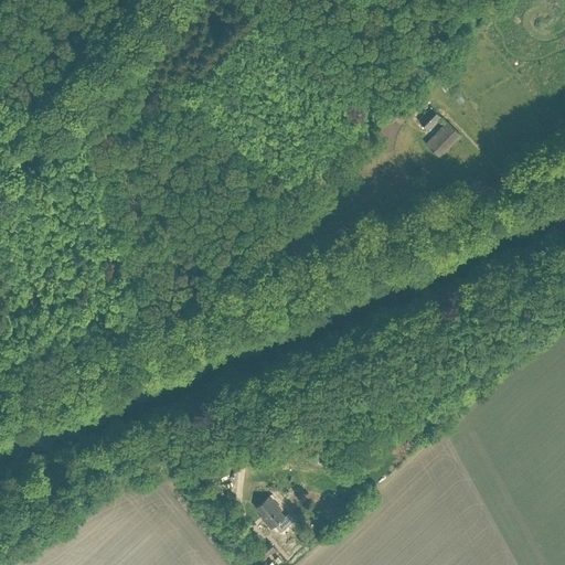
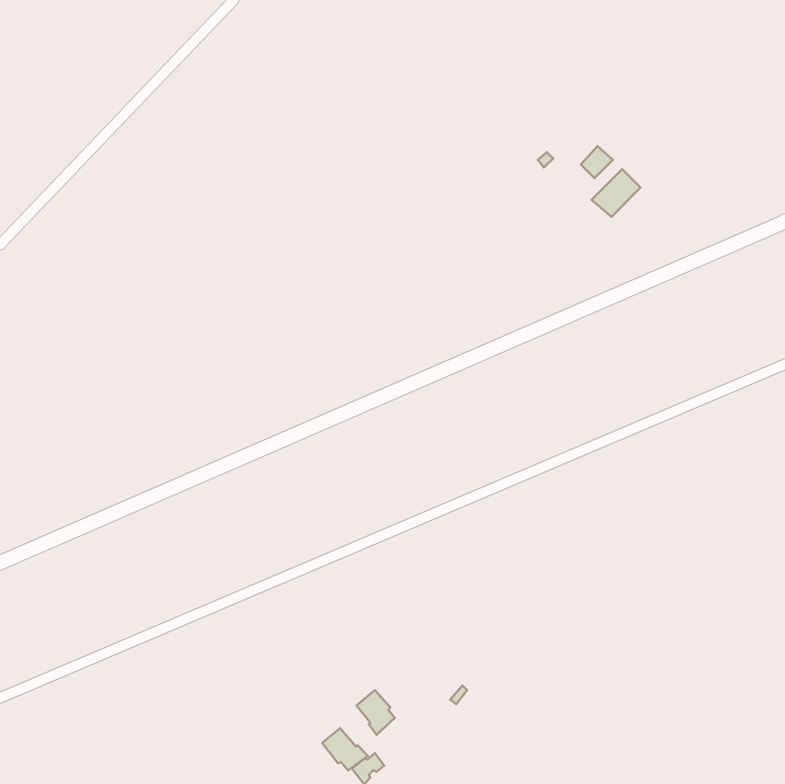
building: none -> [322,728,368,771]

